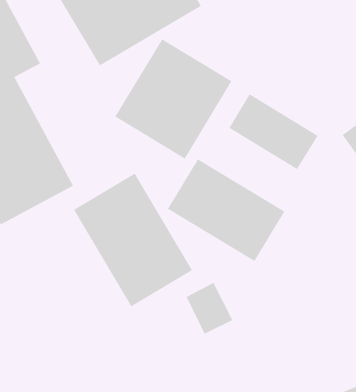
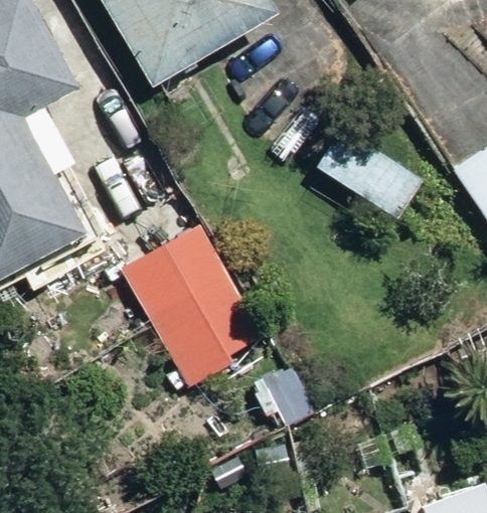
building: [115,38,232,159] -> none
building: [167,158,285,262] -> none

